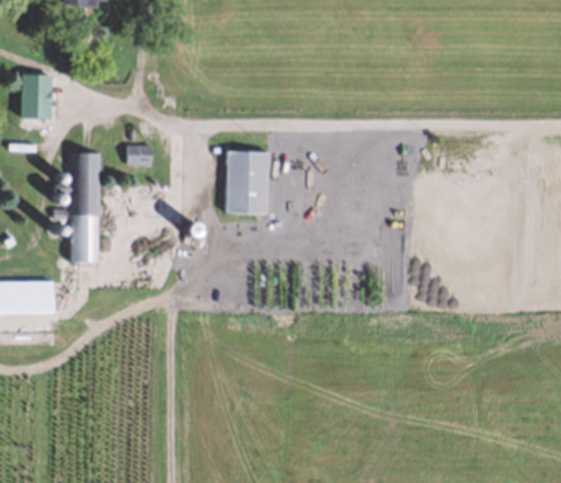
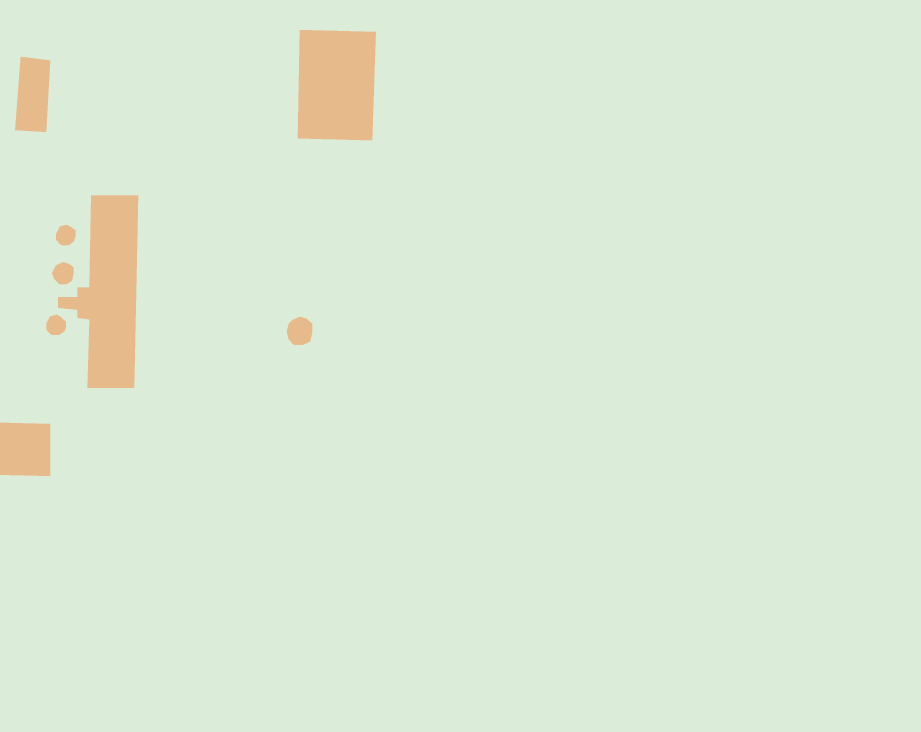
building: [127,146,152,165] -> none
building: [222,151,267,214] -> [297,30,377,141]

